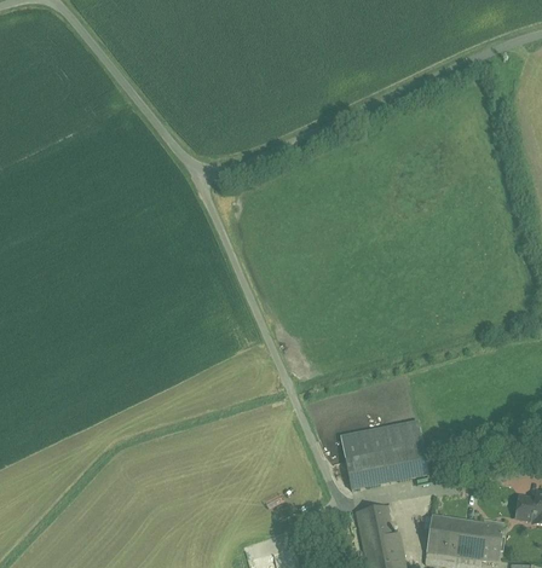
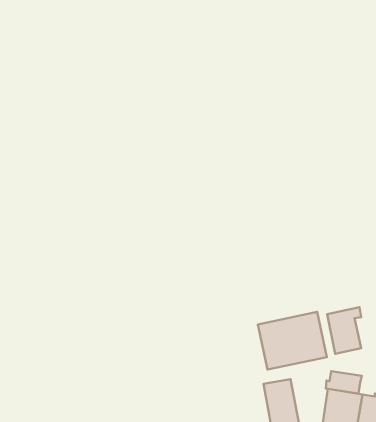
building: none -> [327,307,361,354]
building: none -> [326,371,362,394]

